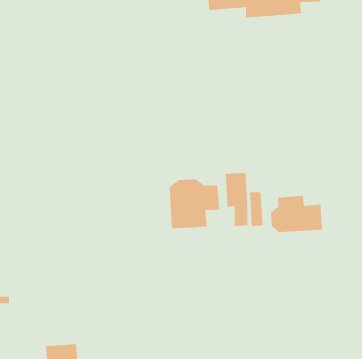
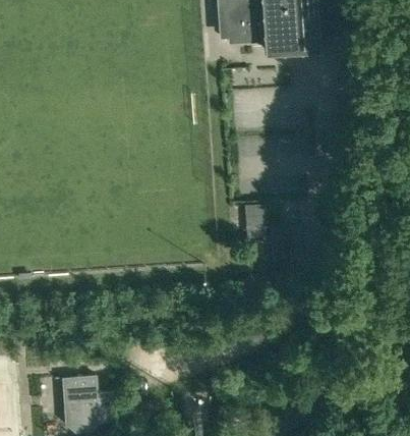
building: [169,178,220,229] -> none
building: [270,195,323,233] -> none

